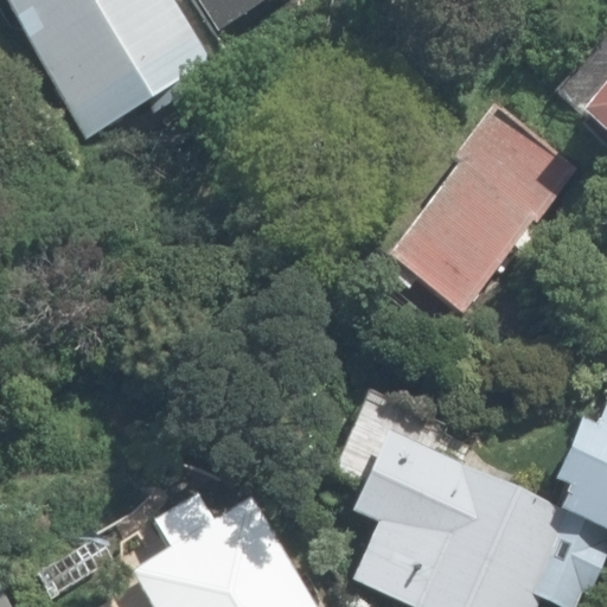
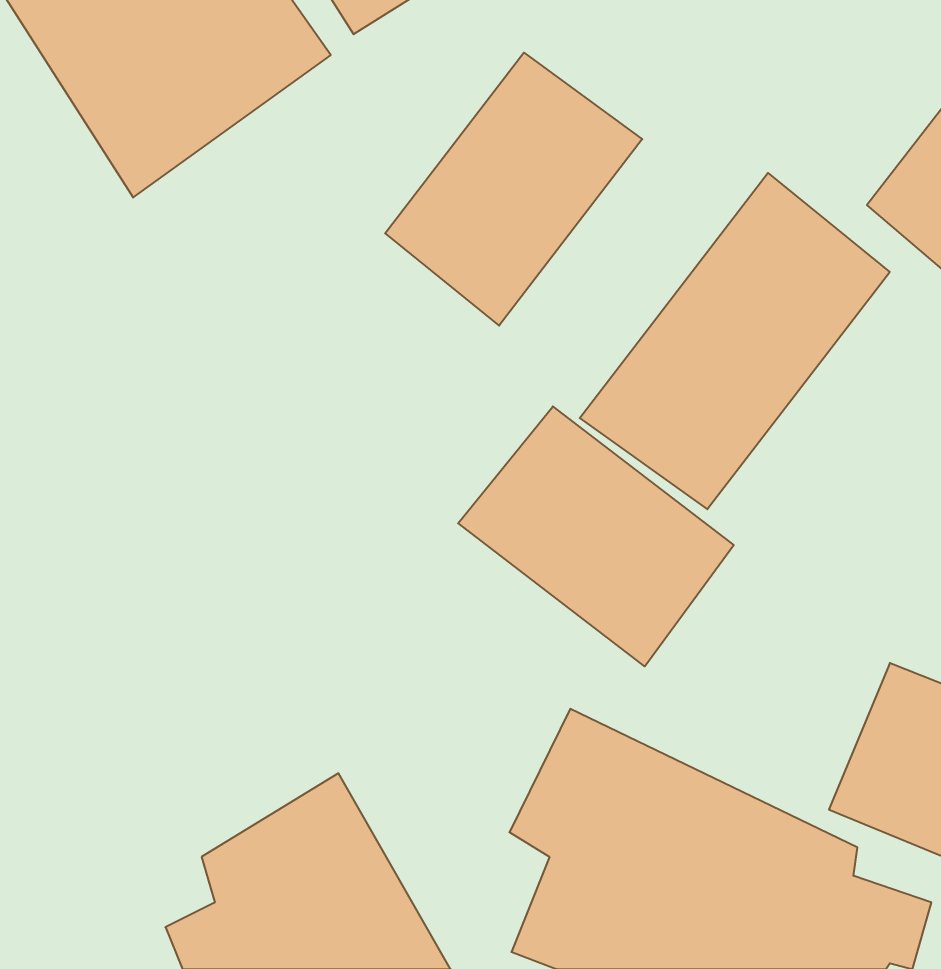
building: none -> [385,53,642,326]
building: none -> [458,406,734,666]

